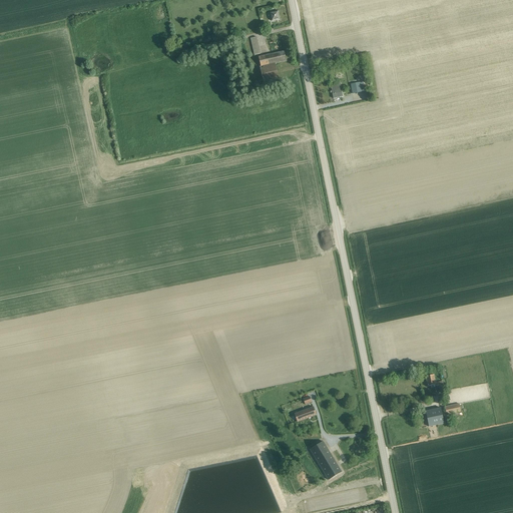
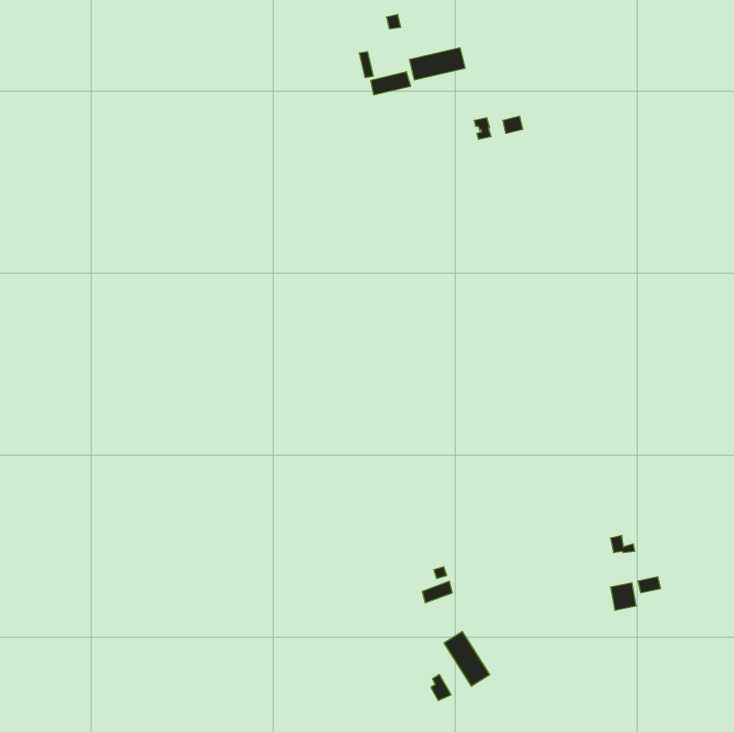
building: none -> [409,48,465,80]

